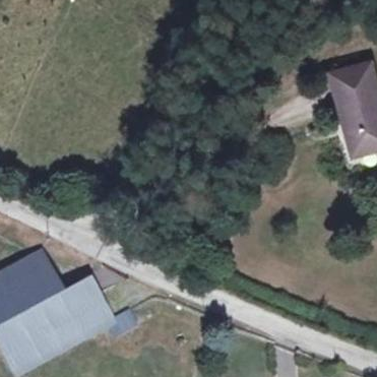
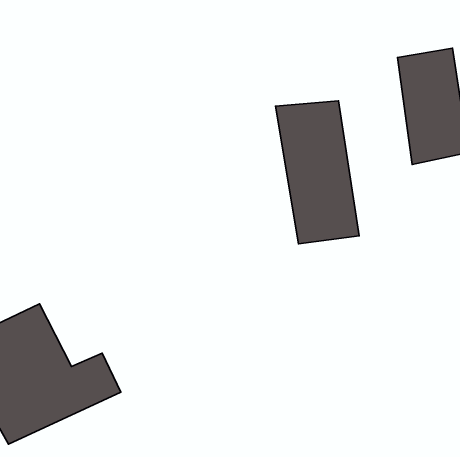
building: none -> [275,101,359,244]

